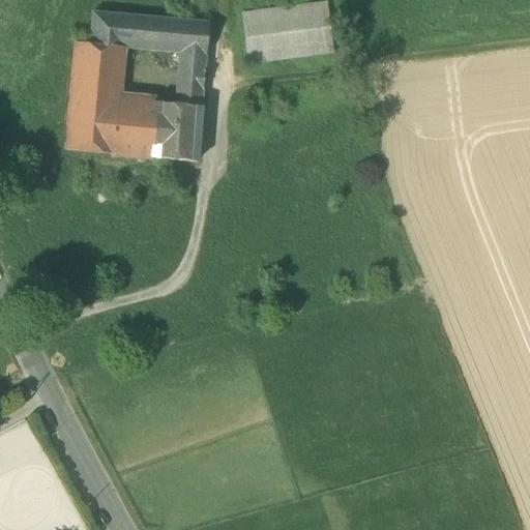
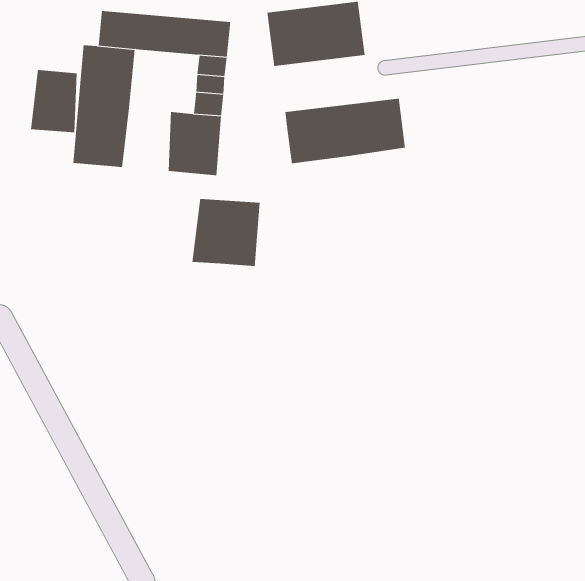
building: none -> [285,98,405,164]
building: [113,97,155,154] -> [30,70,77,133]
building: none -> [192,198,260,267]

